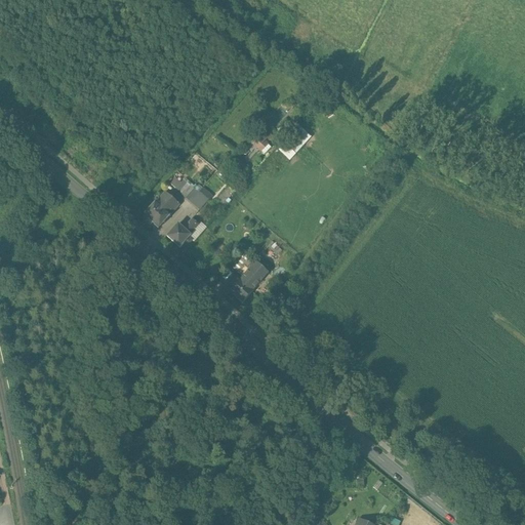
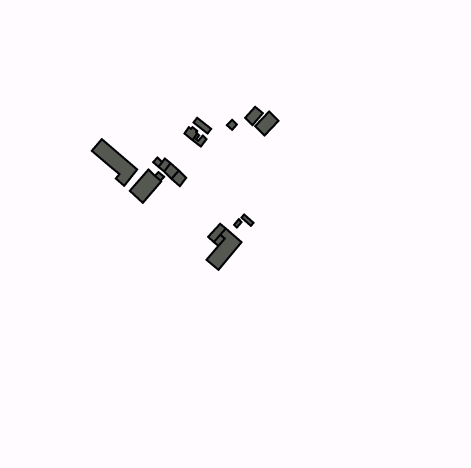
building: none -> [92,139,137,186]
building: [167,216,199,245] -> none

